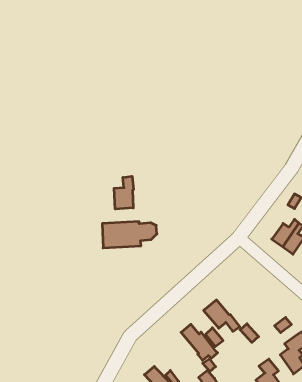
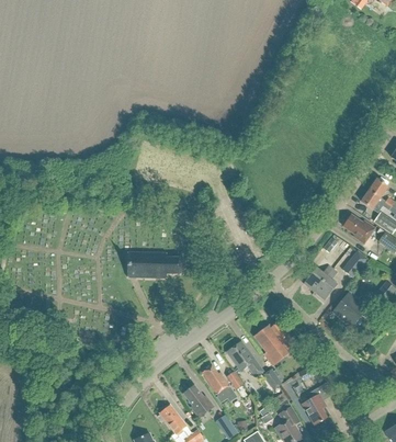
building: [114,176,133,209] -> none
building: none -> [253,321,299,365]
building: none -> [182,385,212,416]

